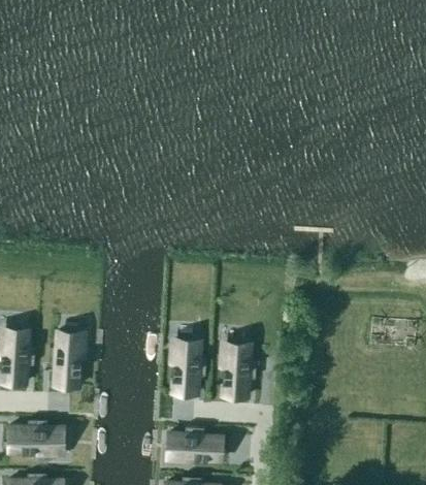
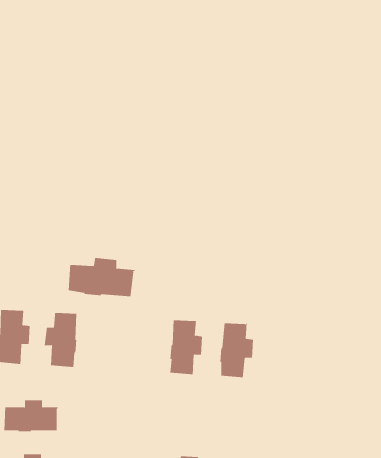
building: none -> [68,257,135,297]
building: [170,425,225,459] -> none

